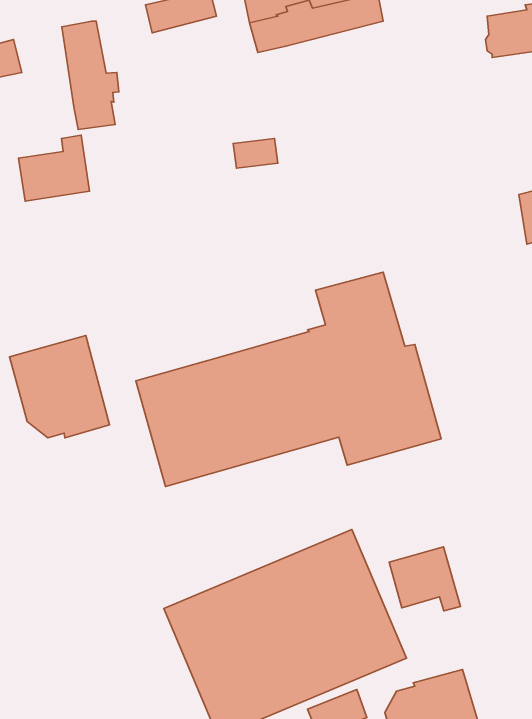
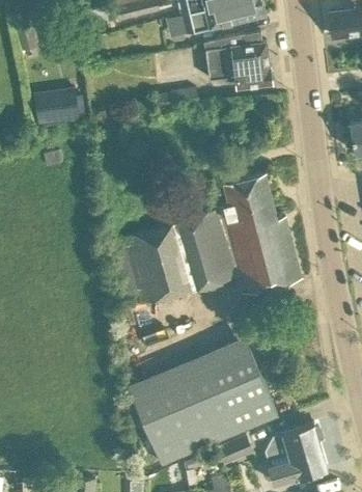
building: [62,21,119,130] -> none
building: none -> [203,33,272,88]
building: [10,335,110,438] -> none
building: [389,547,461,611] -> none

